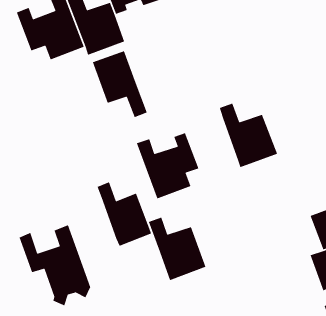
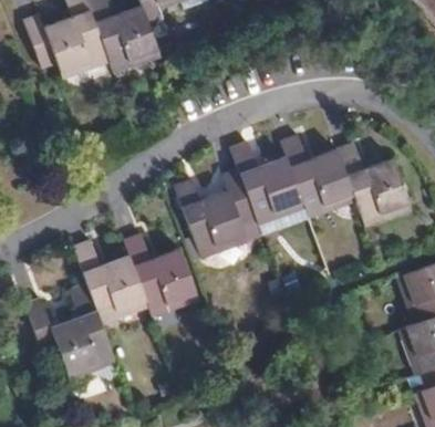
building: [92,50,148,118] -> none
building: none -> [336,143,410,225]
building: none -> [230,144,304,226]
building: [148,216,206,281] -> [76,243,151,325]

